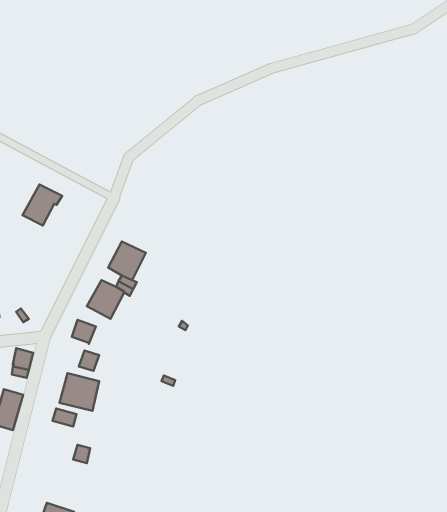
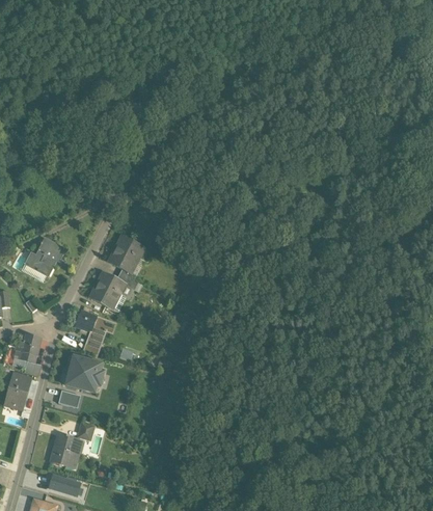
building: [22,184,62,225] -> [29,238,65,275]
building: none -> [87,315,116,341]
building: none -> [50,434,78,467]

